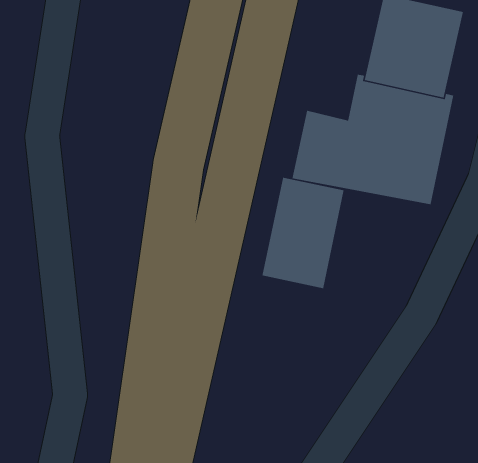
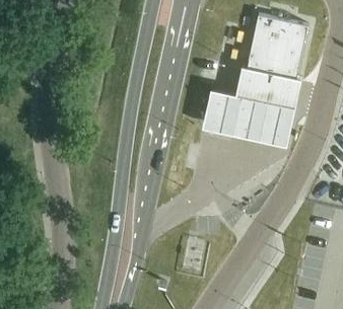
building: [262,177,344,289] -> none

